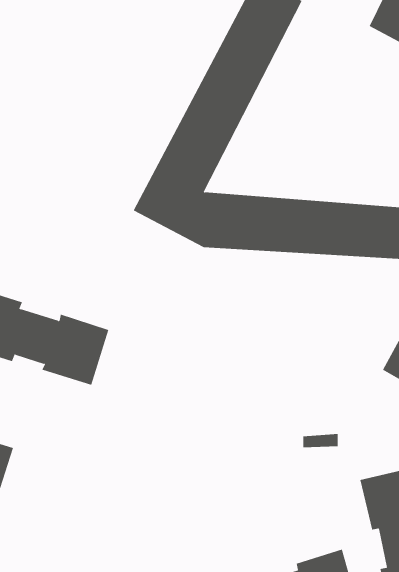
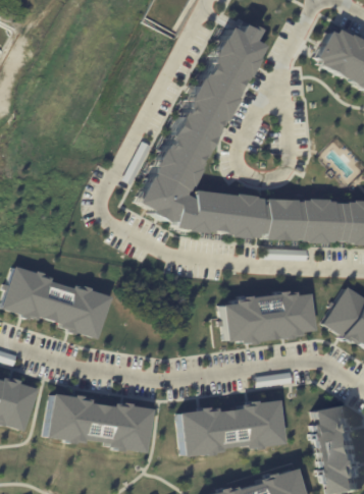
building: none -> [214,288,320,347]
building: none -> [48,390,155,453]
building: none -> [179,397,283,452]

